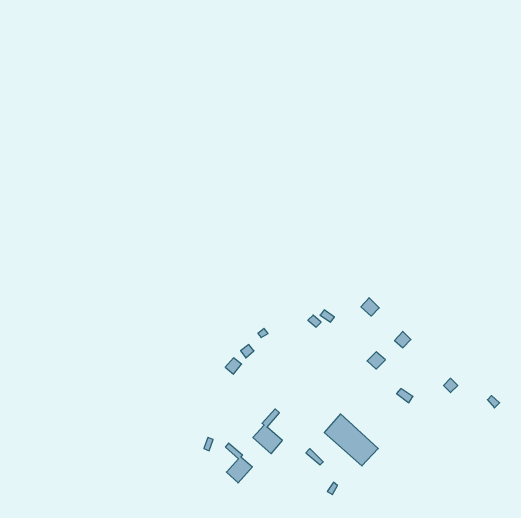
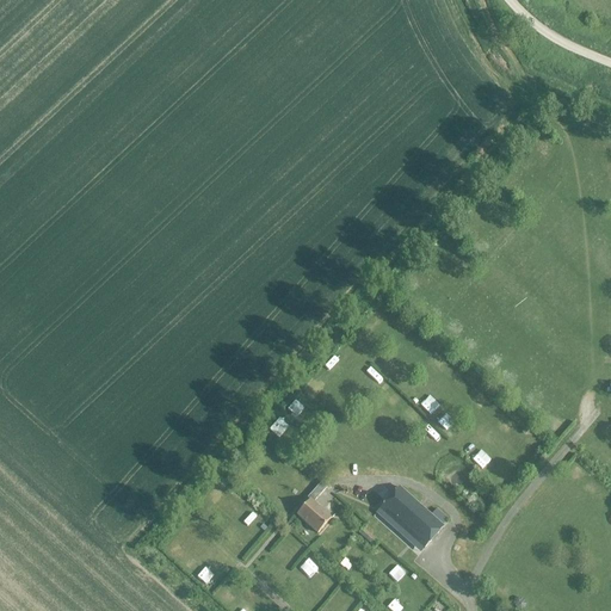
building: [226,443,252,483] -> none

